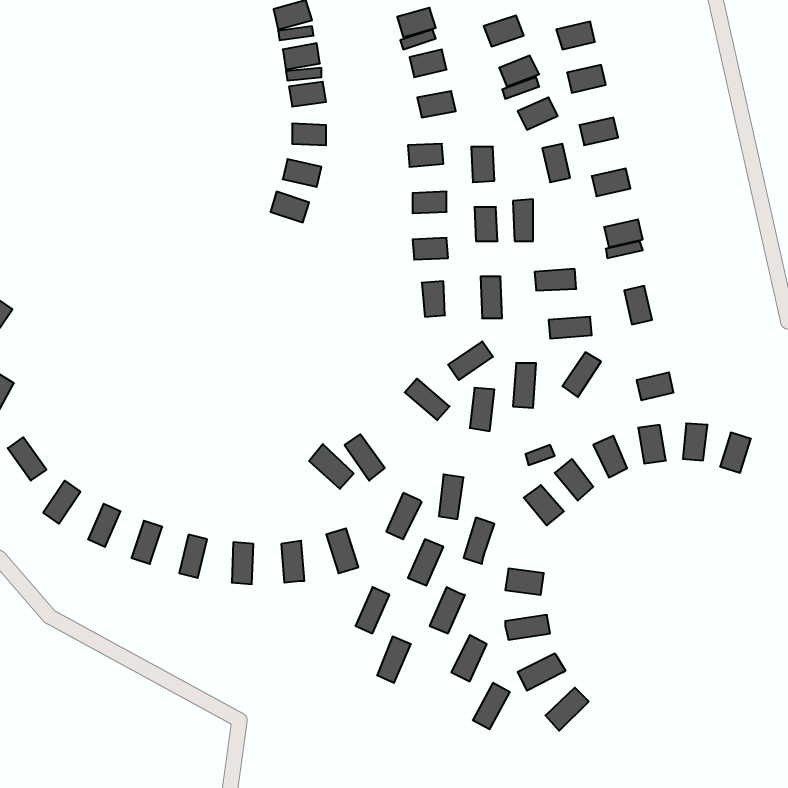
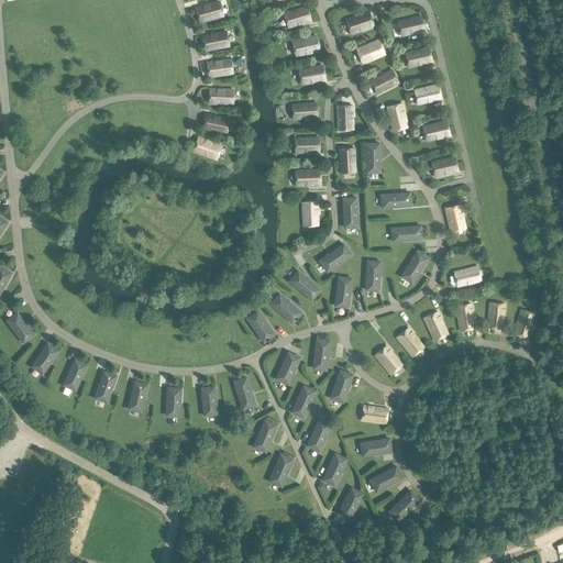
building: [309,444,354,489] -> [271,290,302,322]

